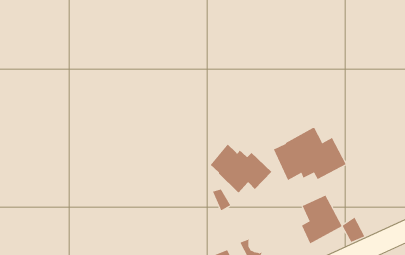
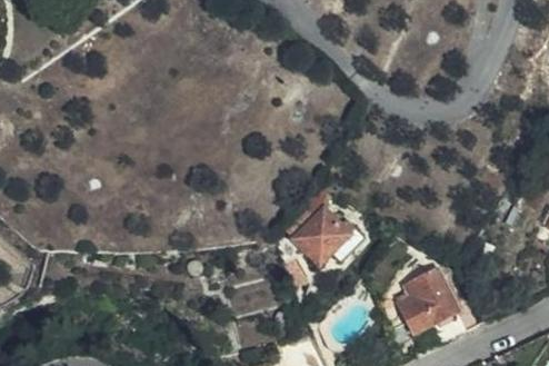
building: [273,127,347,181] -> none

